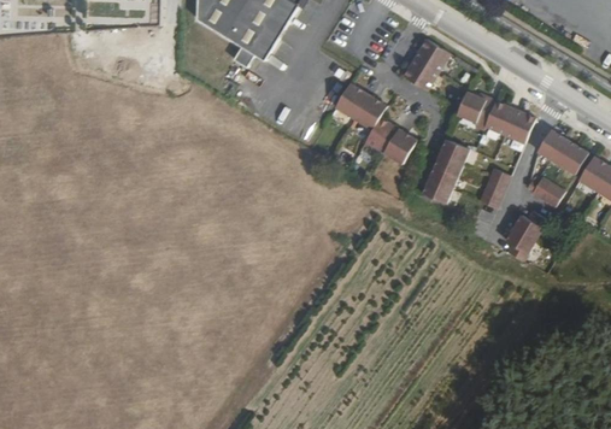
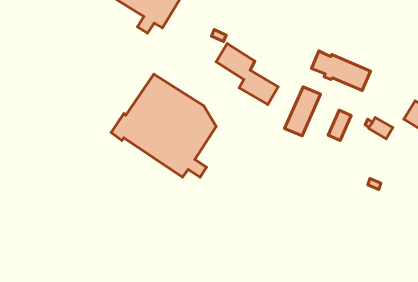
building: [401,39,447,89] -> none
building: none -> [111,74,216,177]
building: [536,130,588,175] -> none
building: [506,211,547,260] -> none

